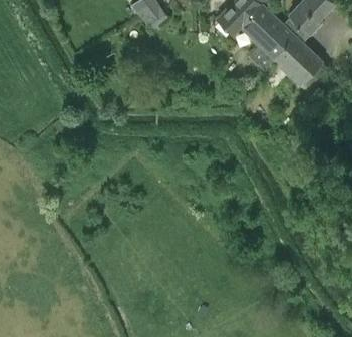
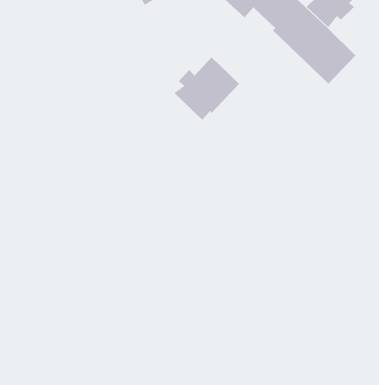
building: none -> [174,56,240,121]

